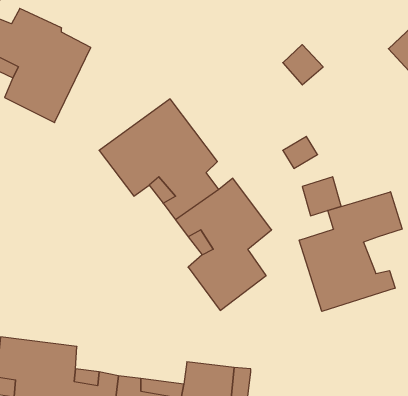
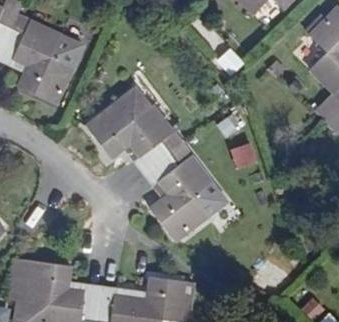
building: [299,192,402,311] -> none

